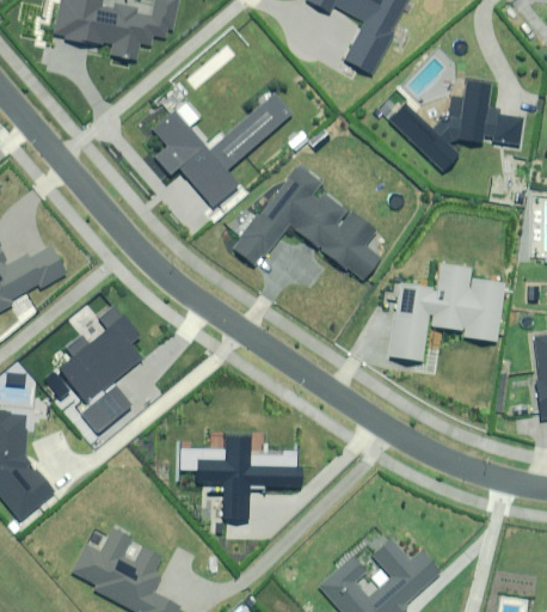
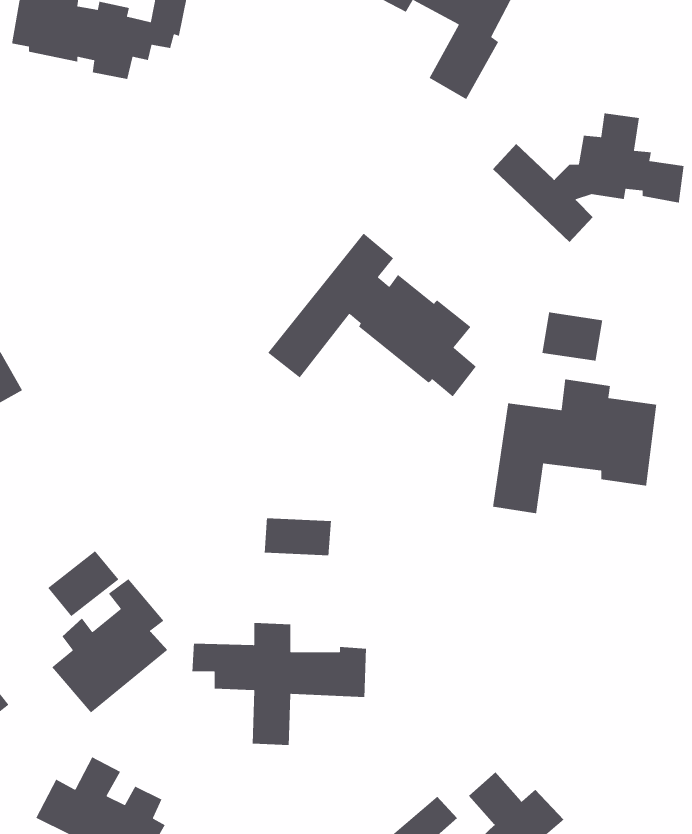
building: [153,92,291,206] -> none
building: none -> [542,312,603,362]
building: [59,307,140,402] -> [51,578,168,714]
building: none -> [264,518,332,556]

